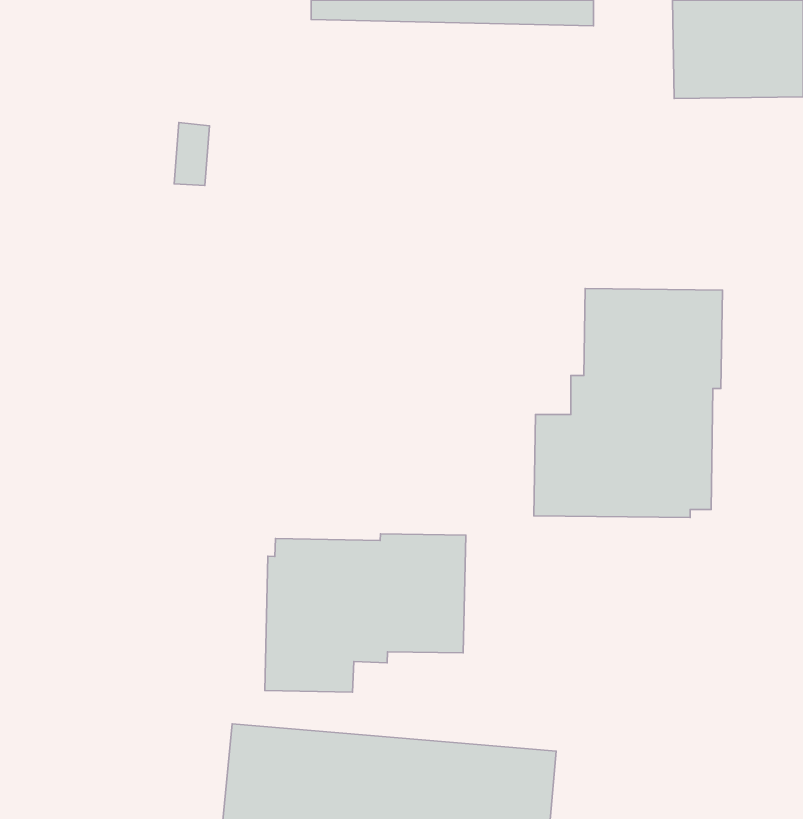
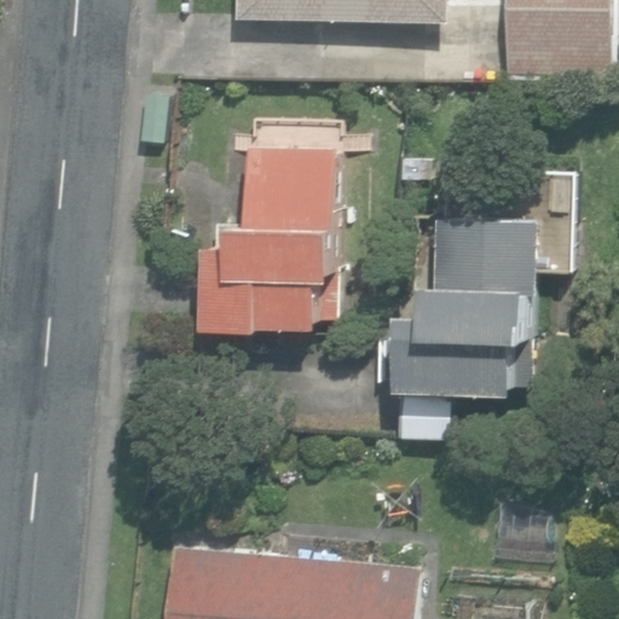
building: none -> [199,125,334,326]
building: [265,534,466,692] -> none

